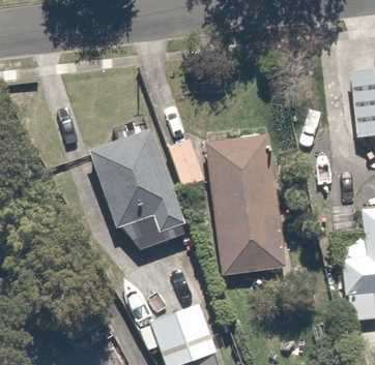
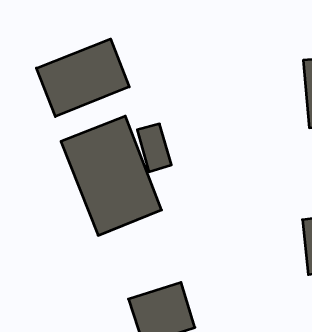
building: none -> [36,39,129,117]
building: [215,139,279,280] -> none

